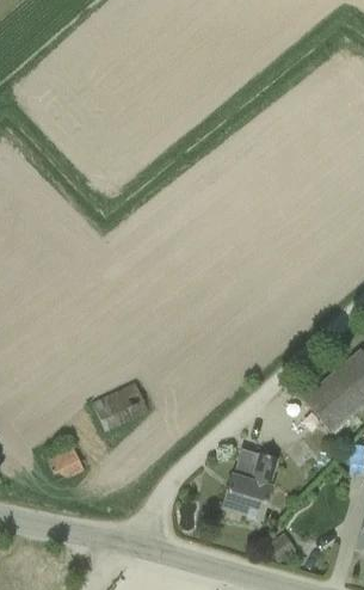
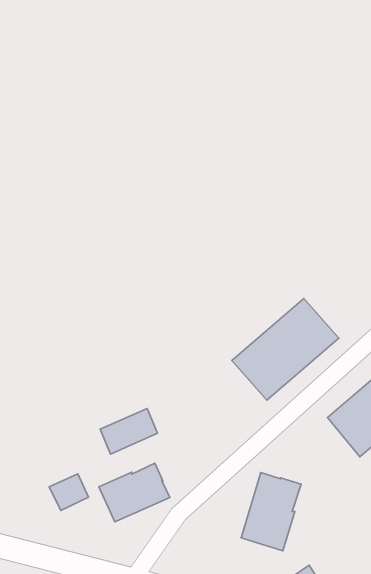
building: none -> [232,299,339,400]
building: none -> [99,463,170,522]

